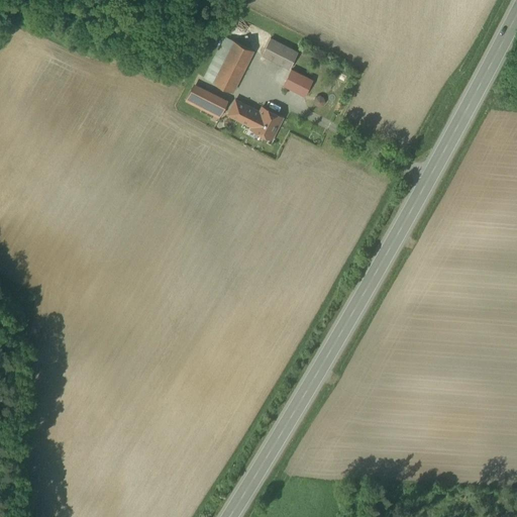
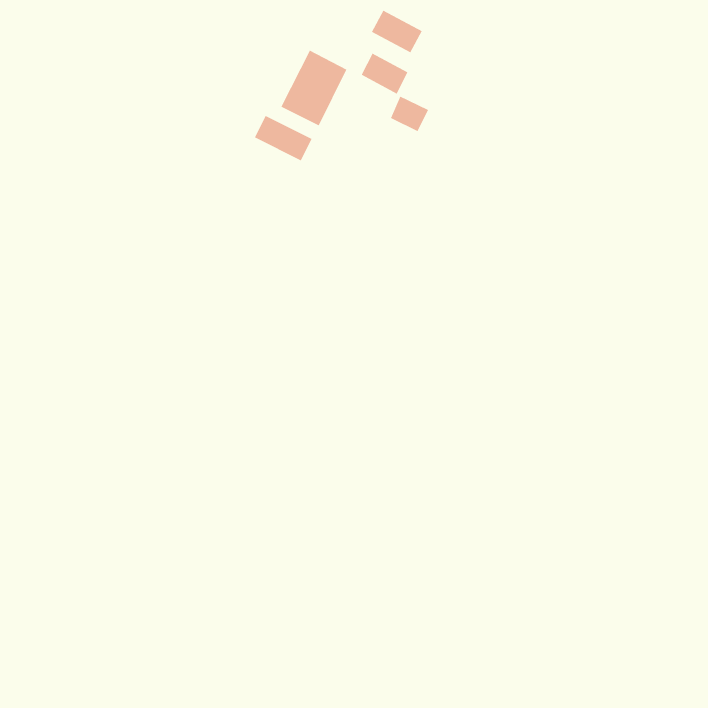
building: none -> [371,10,423,53]
building: [230,102,282,139] -> none

